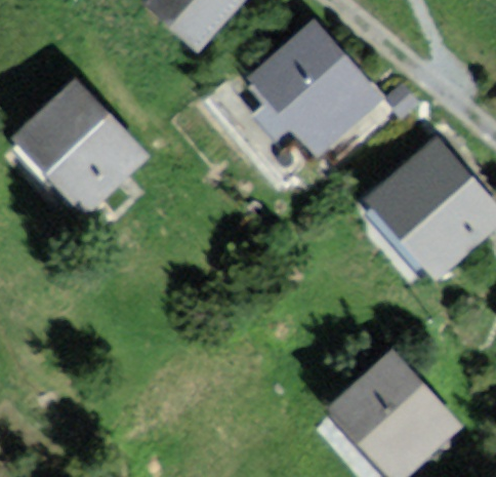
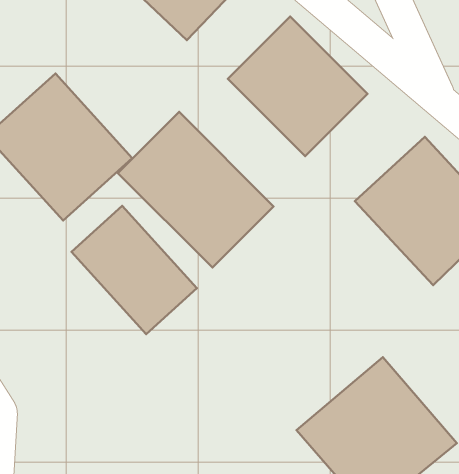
building: none -> [118,112,274,267]
building: none -> [72,206,197,334]

